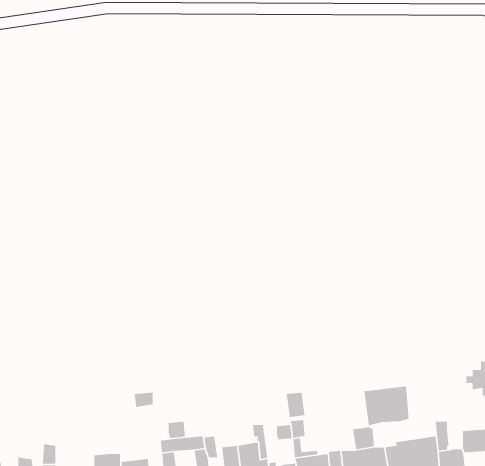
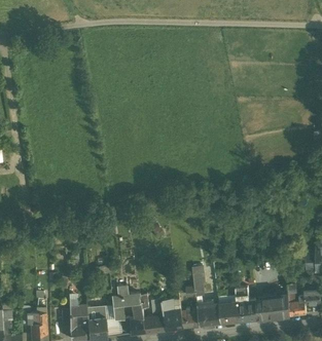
building: [364,385,410,426] -> none

